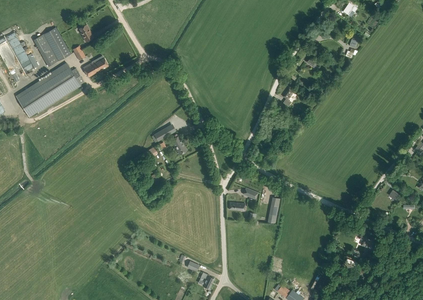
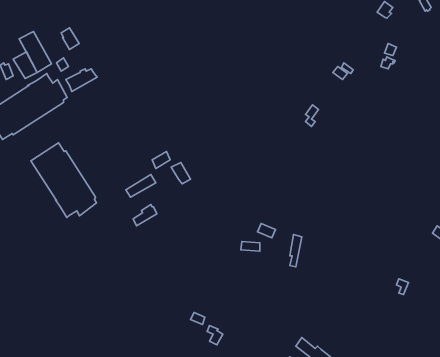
building: none -> [31,143,97,217]

